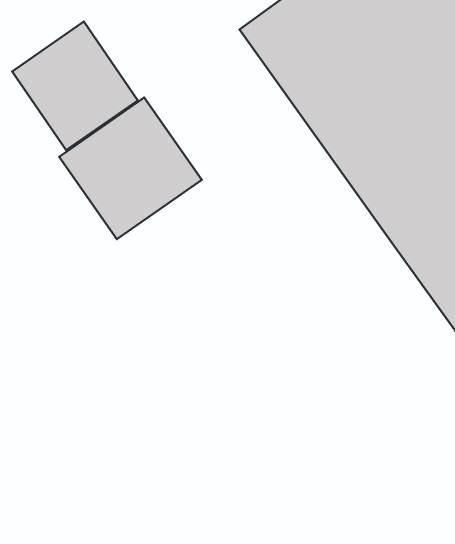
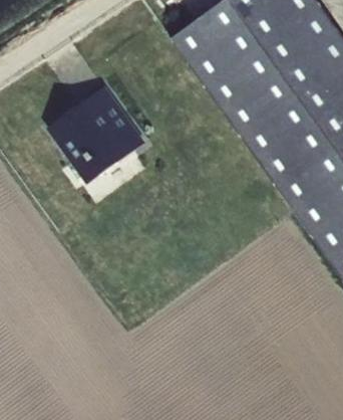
building: [12,22,138,150] -> none

